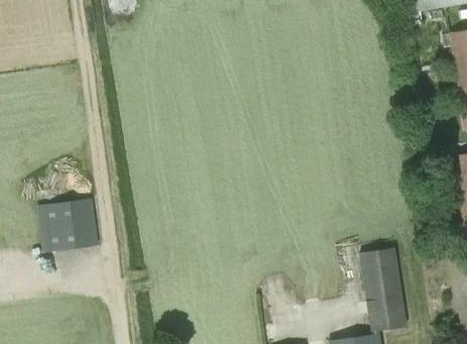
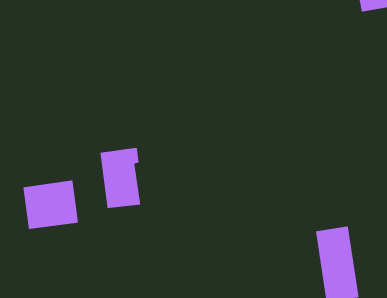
building: none -> [100,147,141,209]

